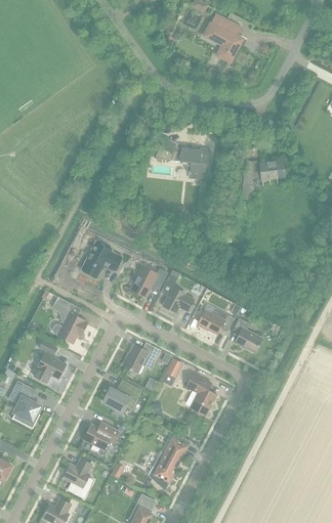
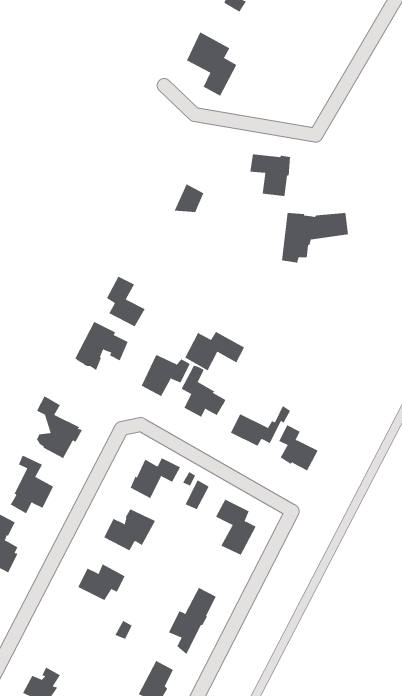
building: [204,13,242,61] -> [186,32,237,96]
building: [179,147,210,179] -> [249,154,291,197]
building: none -> [106,276,146,327]
building: none -> [184,331,245,371]
building: [63,457,91,495] -> none

